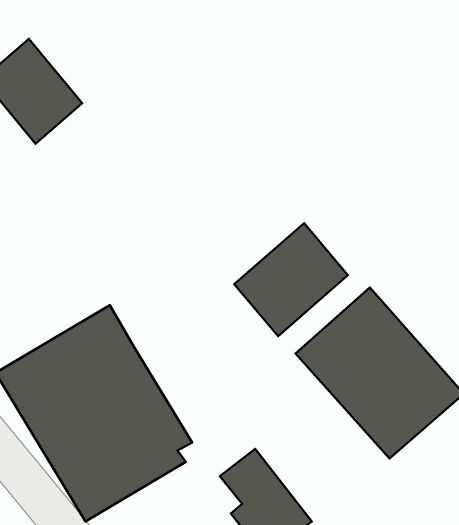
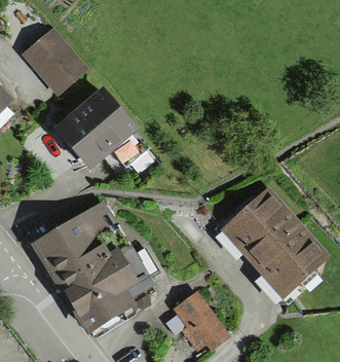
building: none -> [54,88,136,169]
building: [234,223,348,336] -> none

